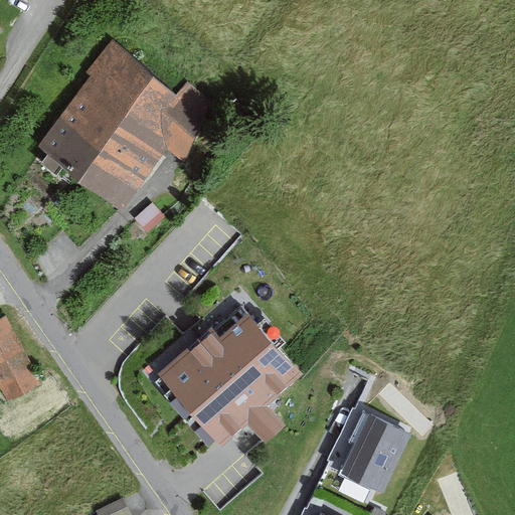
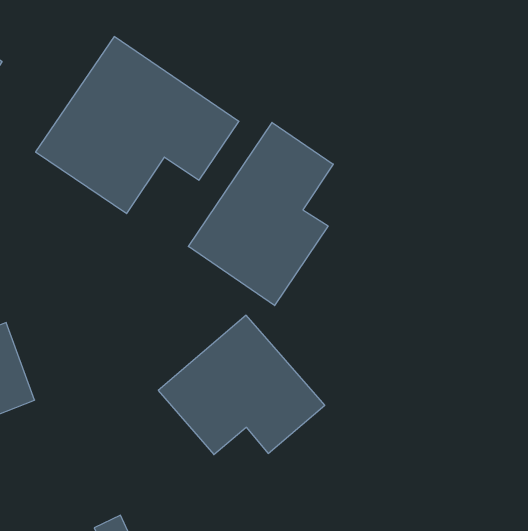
building: none -> [188,122,333,306]
building: [337,414,405,493] -> none

